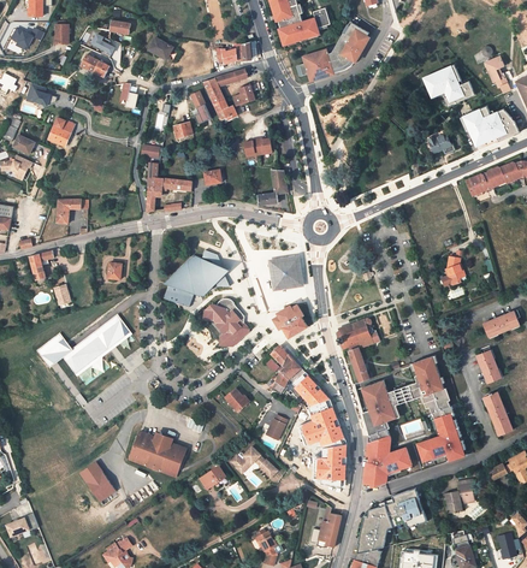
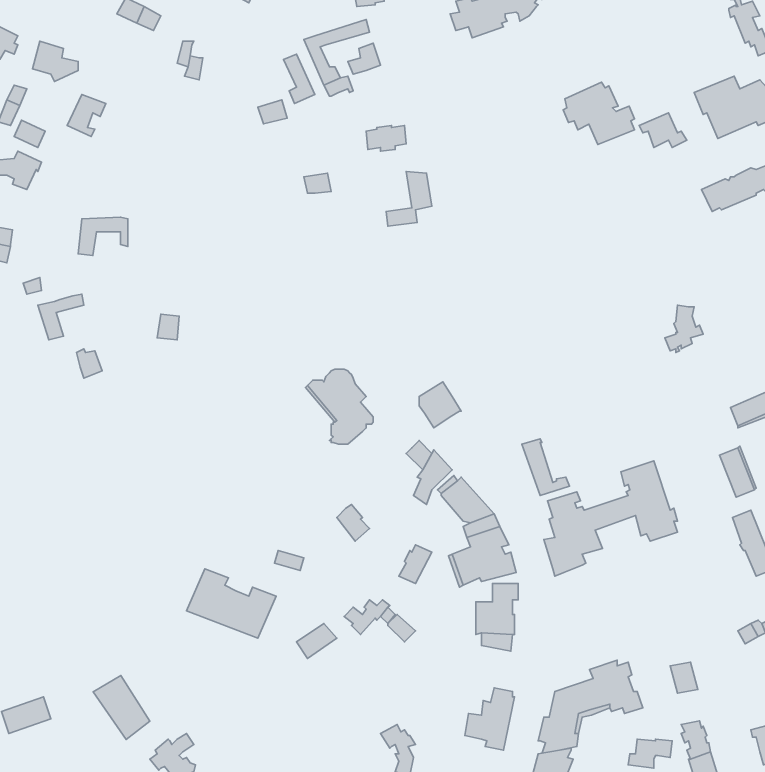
building: [425,65,472,106] -> [563,82,635,144]
building: [141,144,183,212] -> none
building: [164,249,230,307] -> none
building: [272,259,300,285] -> none
building: [35,313,131,377] -> none
building: [336,318,379,349] -> none
building: [416,404,467,461] -> none
building: [363,427,411,486] -> none
building: [76,462,113,504] -> [93,675,150,740]

